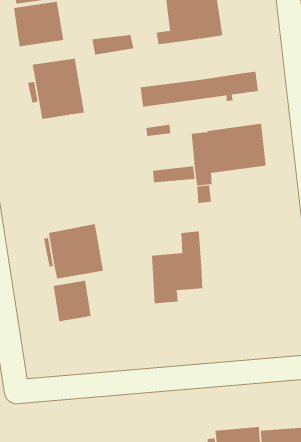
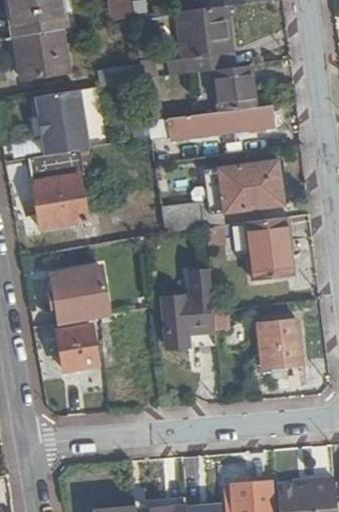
building: none -> [213,64,257,112]
building: none -> [29,150,87,229]
building: none -> [249,216,294,280]
building: none -> [258,321,305,369]

